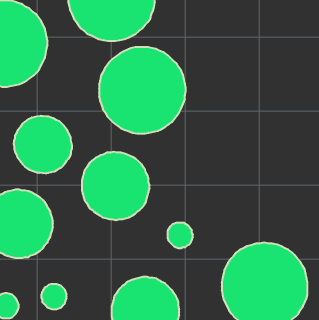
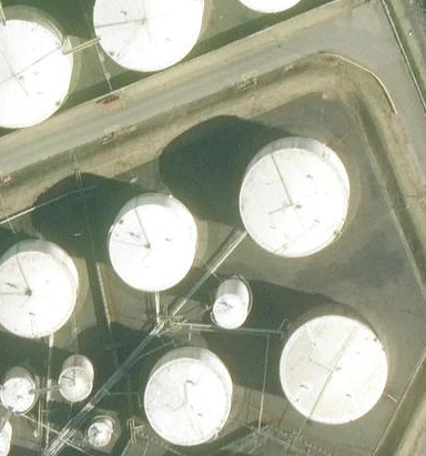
building: [99,47,186,134] -> [241,150,347,256]
building: [14,116,72,174] -> none

